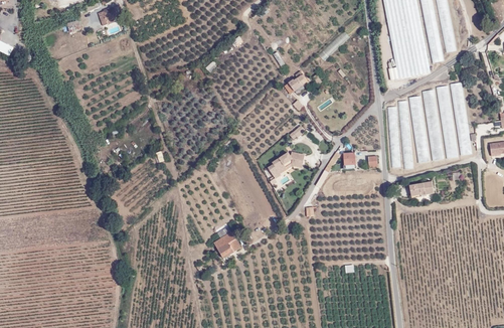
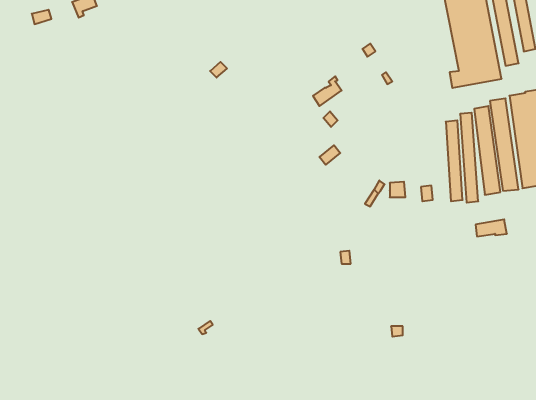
building: [269,152,304,178] -> none
building: [212,231,240,258] -> none

